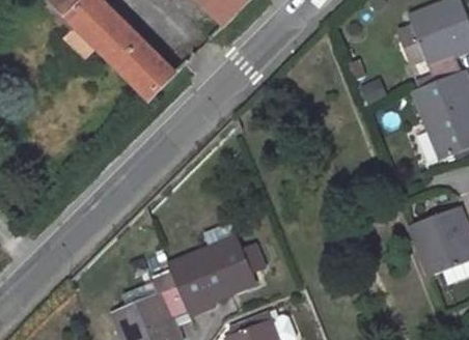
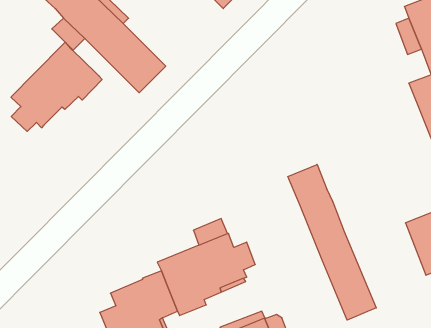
building: none -> [11,42,102,131]
building: none -> [288,164,376,320]

